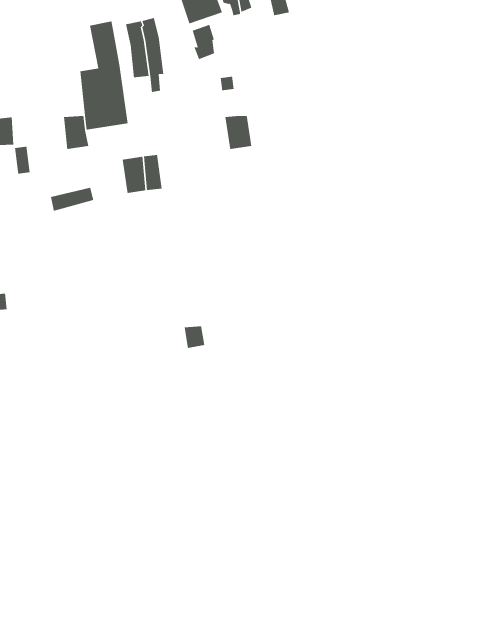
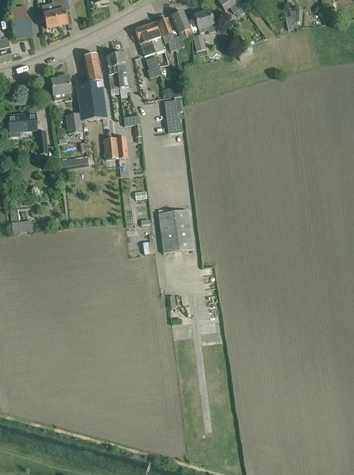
building: none -> [51,74,72,100]
building: none -> [159,209,193,252]

